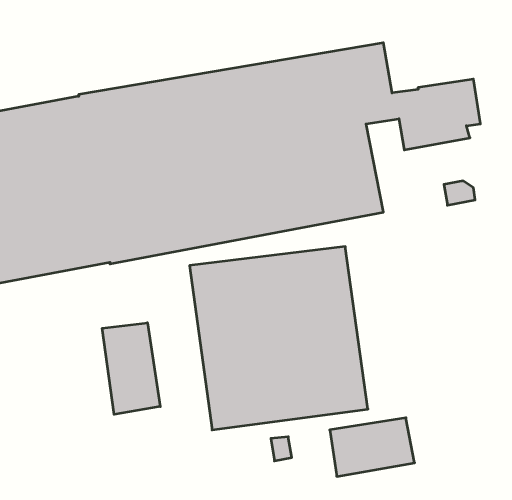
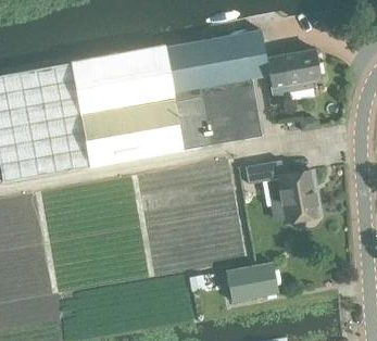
building: none -> [247,163,321,225]
building: [102,323,160,414] -> none

